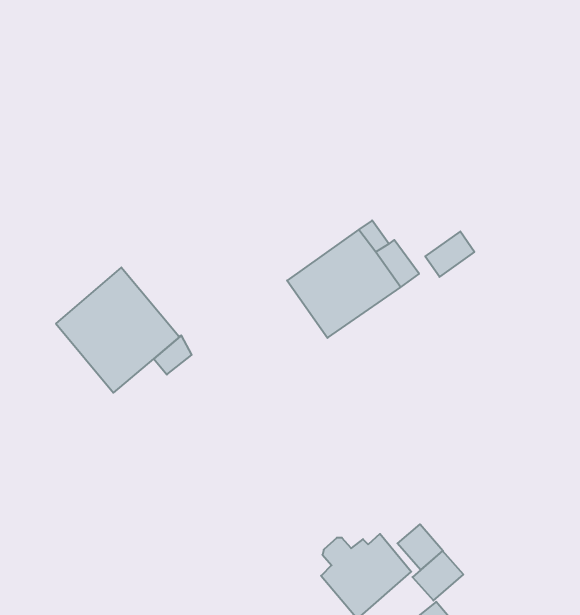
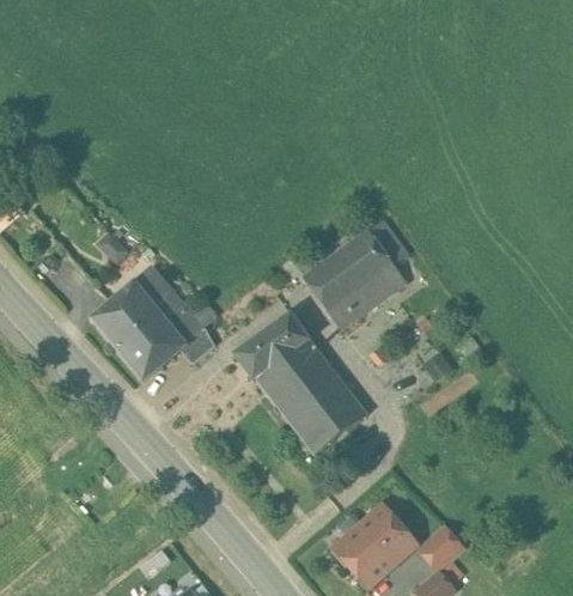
building: [425,231,474,277] -> none
building: none -> [233,312,367,456]
building: [397,524,443,570] -> none

